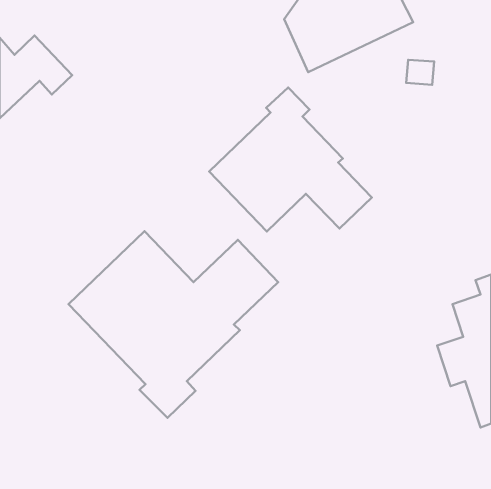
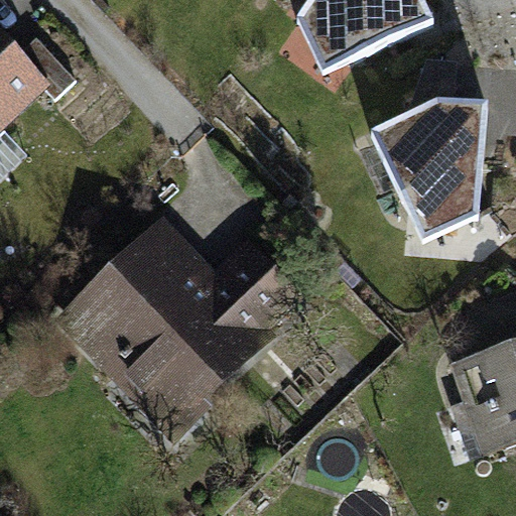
building: [209,87,372,231] -> none
building: none -> [372,103,487,244]

